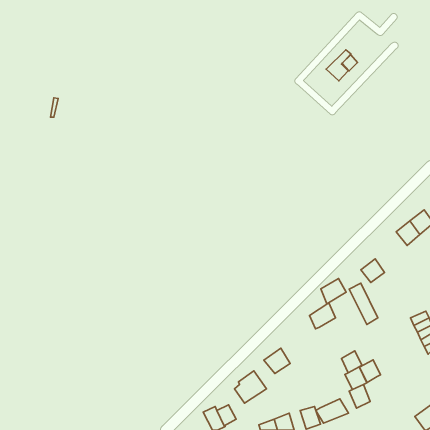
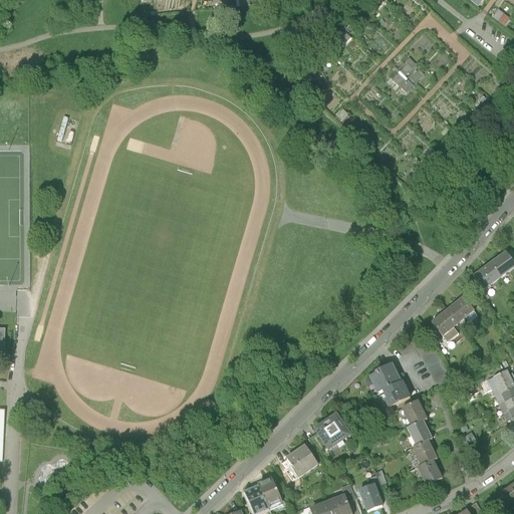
building: none -> [448,296,476,324]
building: [321,279,346,304] -> [381,377,412,408]
building: [360,360,381,382] -> [403,398,428,425]
building: [316,399,349,423] -> none

